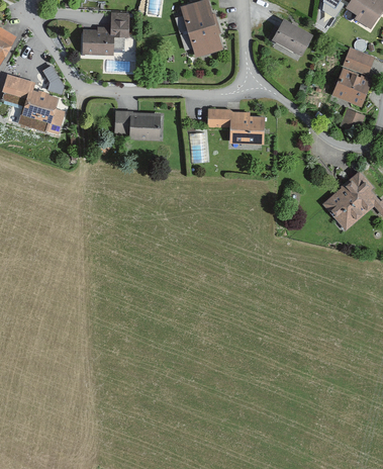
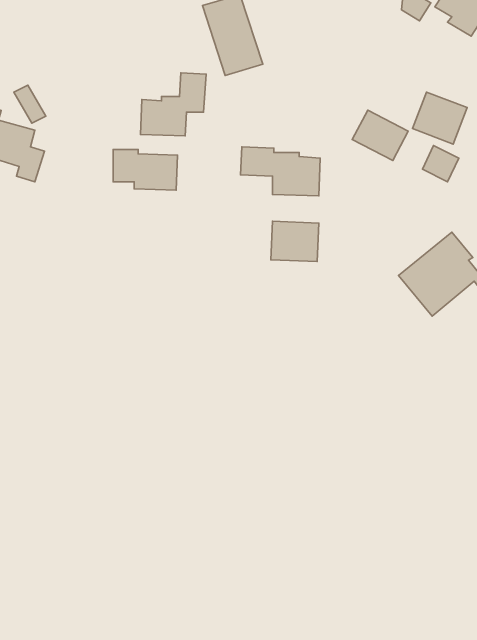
building: [81,10,128,56] -> [140,73,206,136]
building: [271,19,311,56] -> [352,110,408,160]
building: [342,49,373,76] -> none
building: none -> [271,221,319,262]

